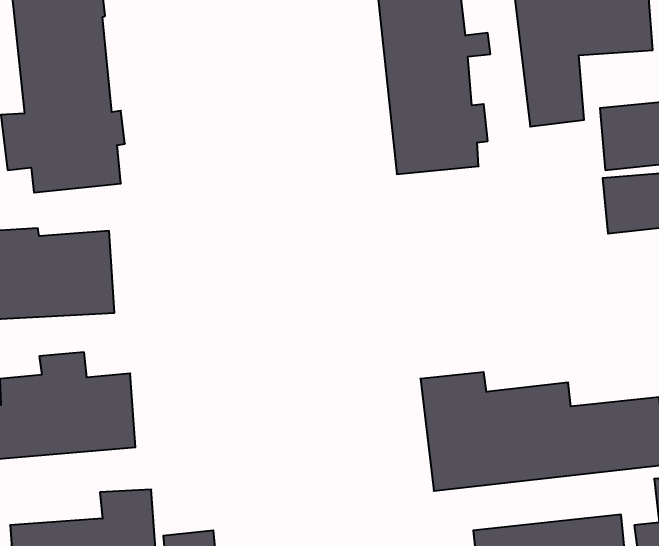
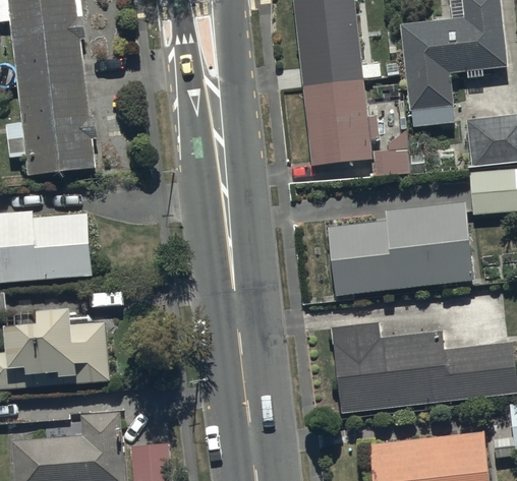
building: none -> [327,201,474,296]

